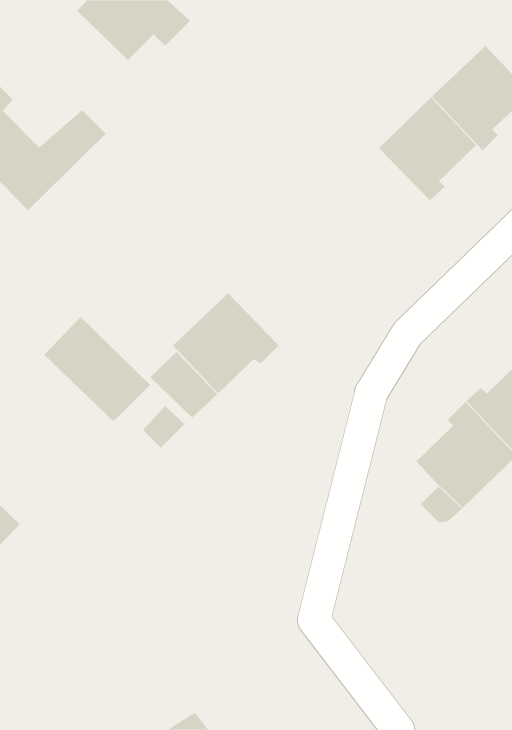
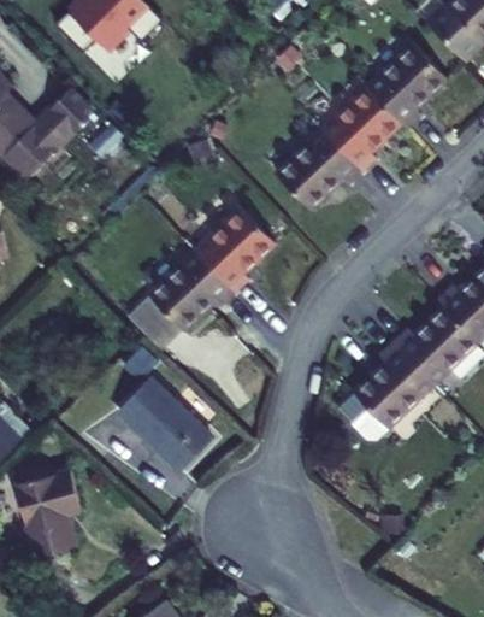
building: none -> [275,125,364,211]
building: none -> [194,204,277,292]
building: [43,316,151,422] -> [120,378,211,468]
building: none -> [18,468,81,556]

